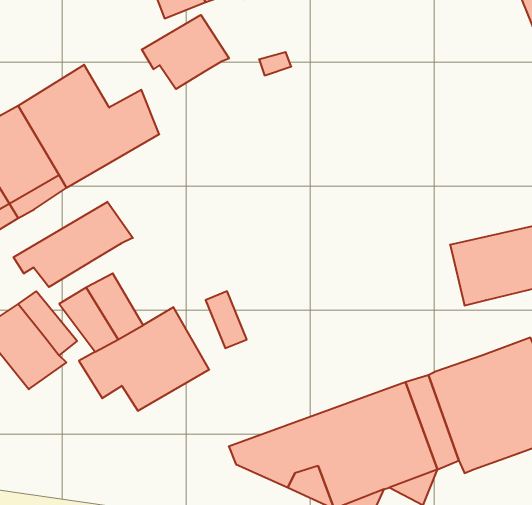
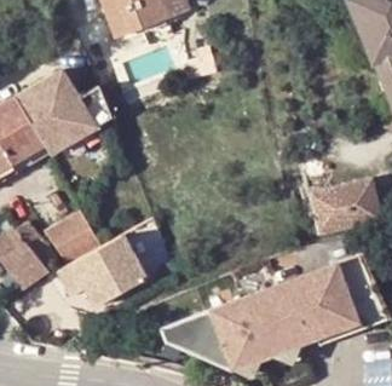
building: [142,15,229,89] -> none
building: [14,202,133,287] -> none

